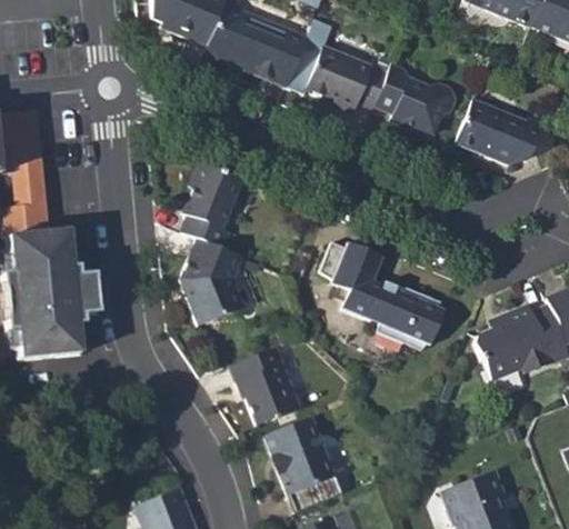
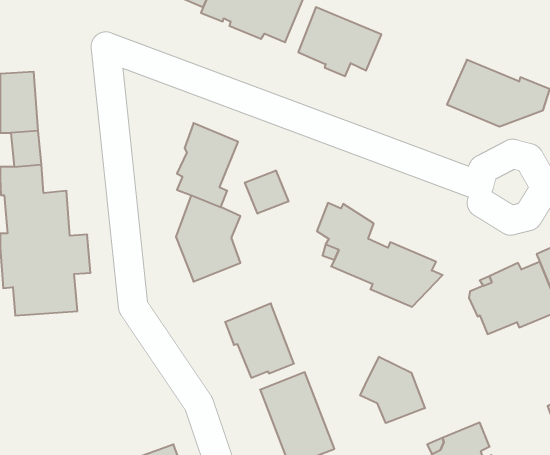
building: [372,66,456,143] -> none
building: none -> [245,170,288,214]
building: none -> [360,357,425,423]

